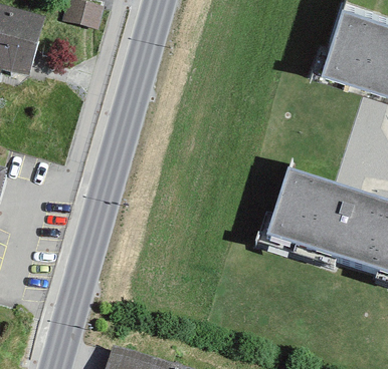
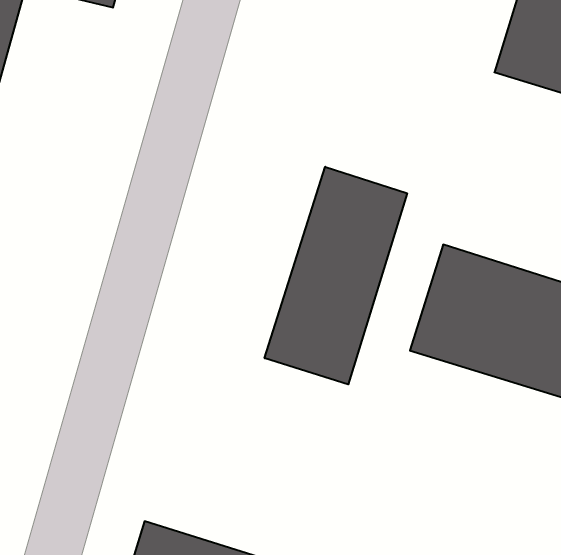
building: none -> [265,167,407,384]

